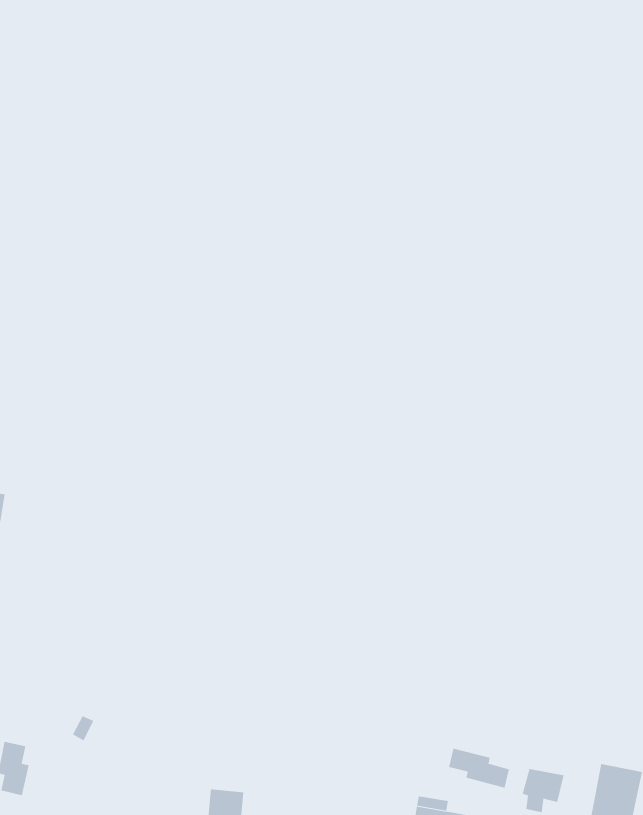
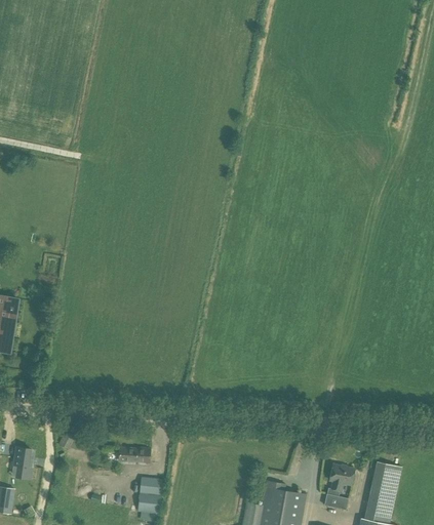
building: none -> [118,448,150,463]
building: [449,748,509,788] -> none

